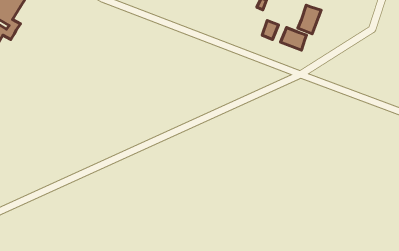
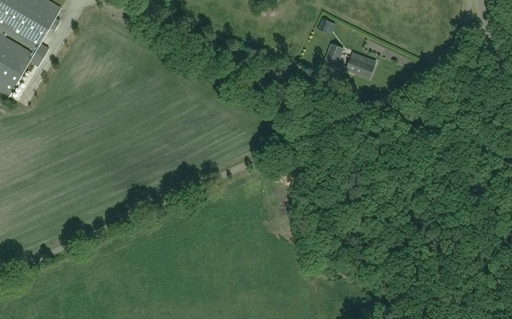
building: [298,5,321,34] -> none

